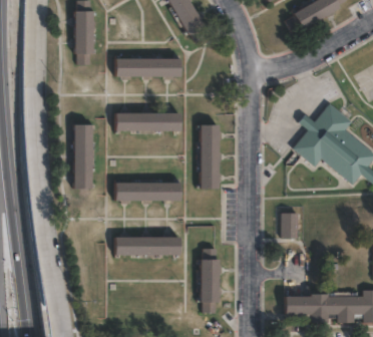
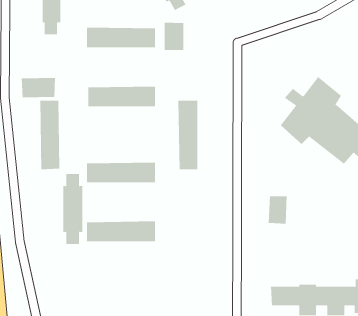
building: none -> [164,22,184,51]
building: none -> [21,77,55,98]
building: [201,248,220,313] -> [62,174,83,244]

